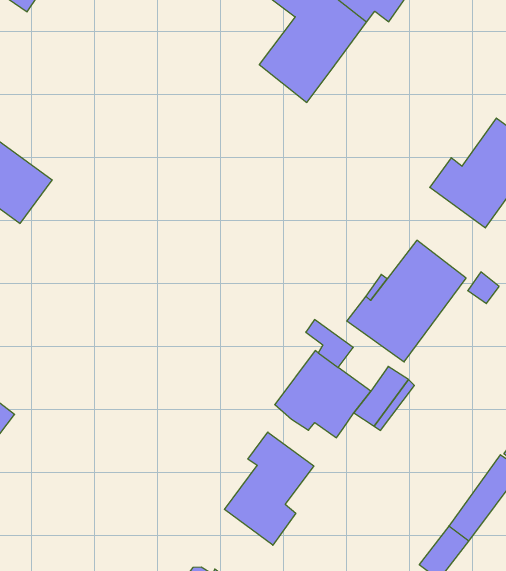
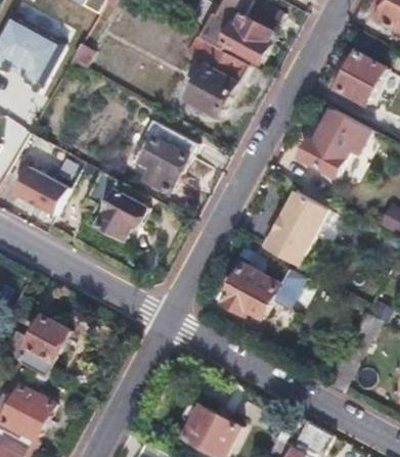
building: none -> [137,122,193,193]
building: none -> [85,171,144,237]
building: [224,432,314,545] -> none

